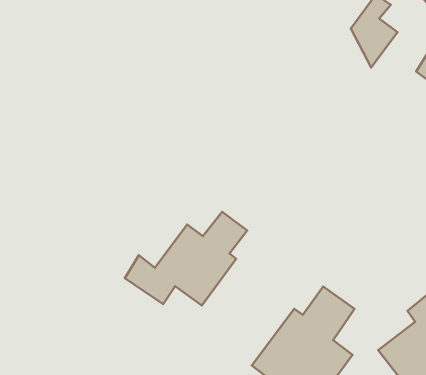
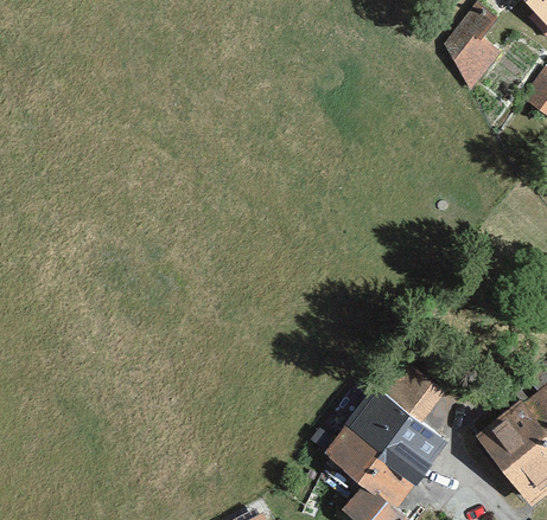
building: [125,212,247,305] -> none

